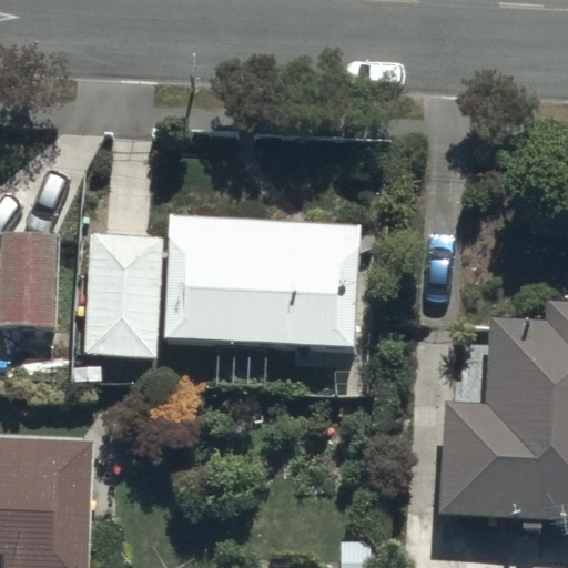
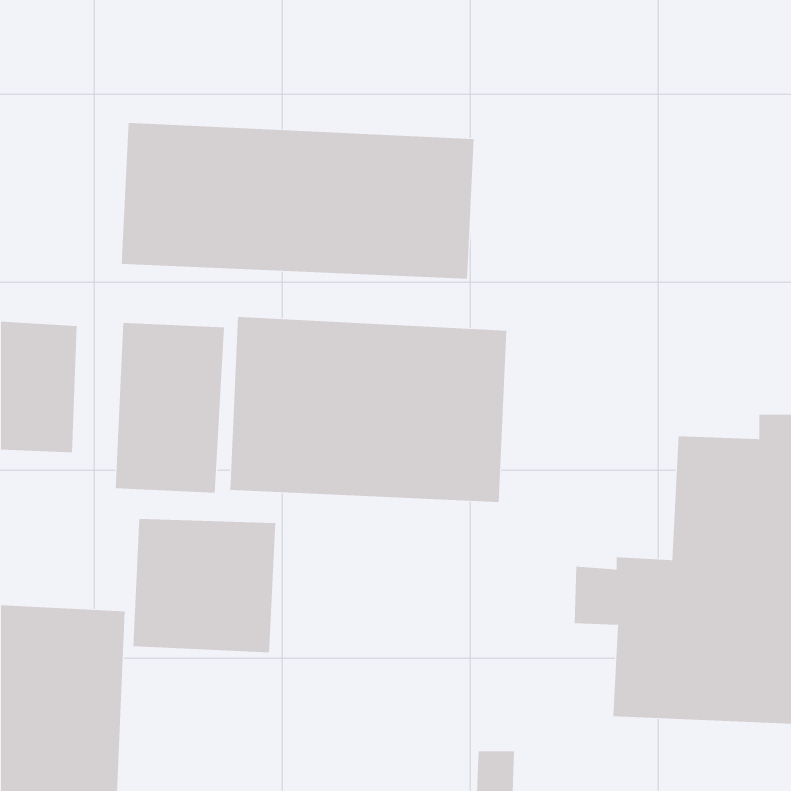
building: none -> [121,122,474,279]
building: none -> [133,518,276,653]

